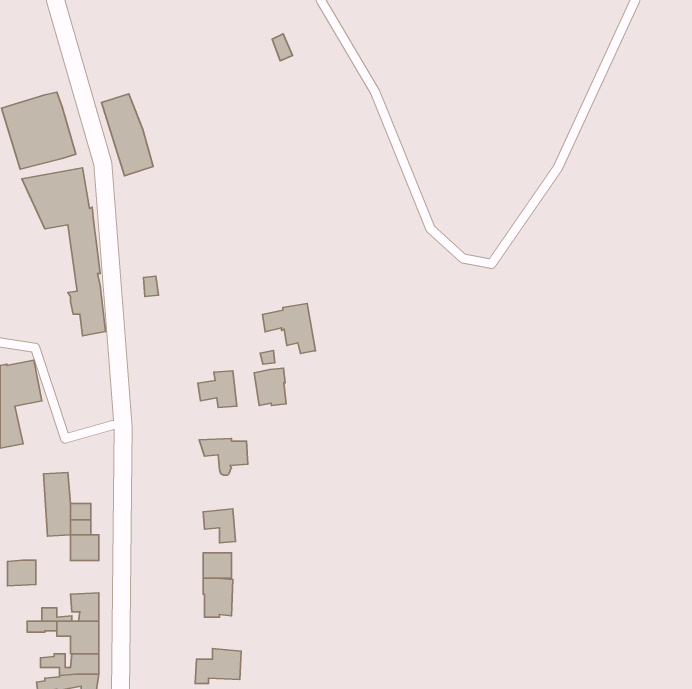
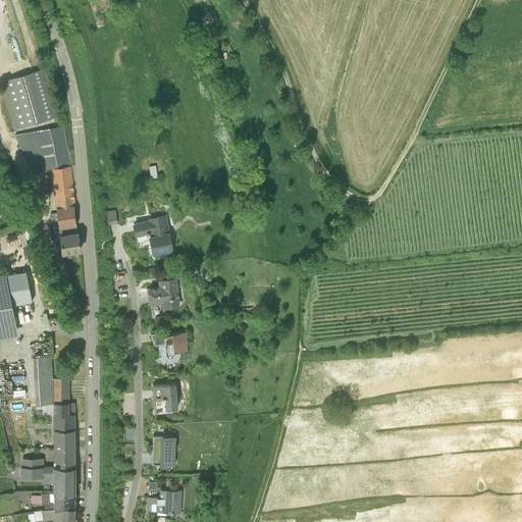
building: [102,94,153,176] -> none
building: [263,304,315,354] -> [133,216,172,254]
building: [254,368,286,406] -> none
building: [203,553,231,578] -> none
building: [7,560,36,586] -> [53,430,74,450]

